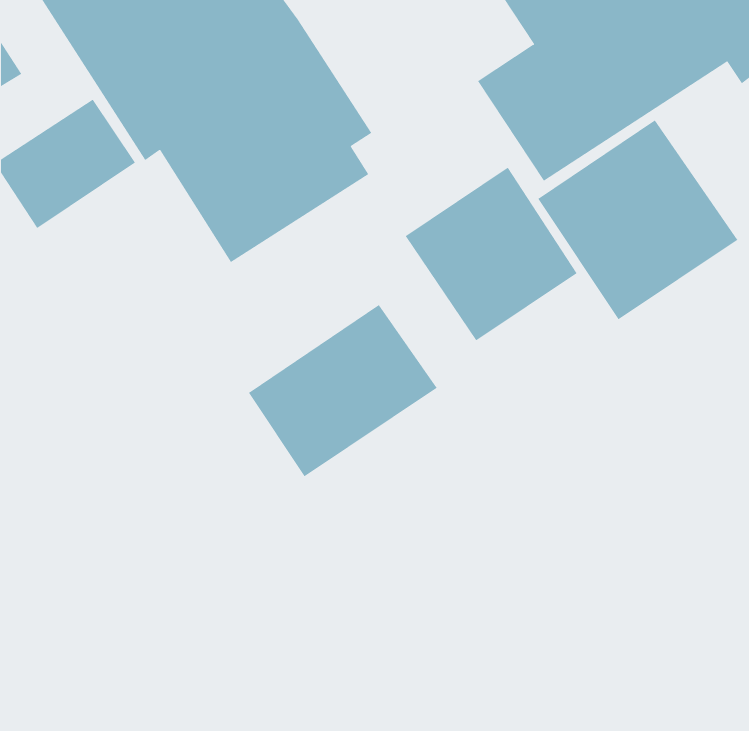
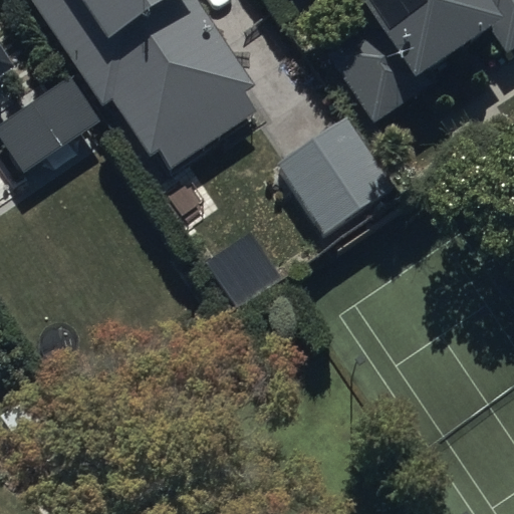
building: [537,119,738,320] -> none
building: [248,304,438,477] -> none

